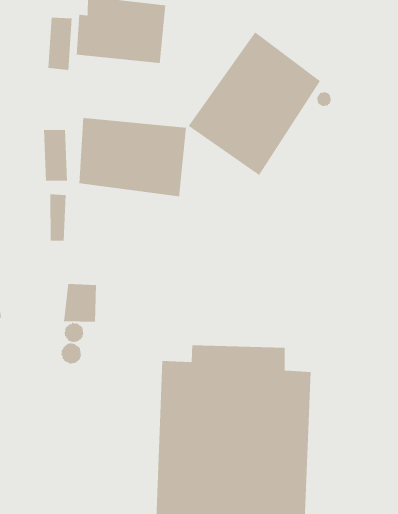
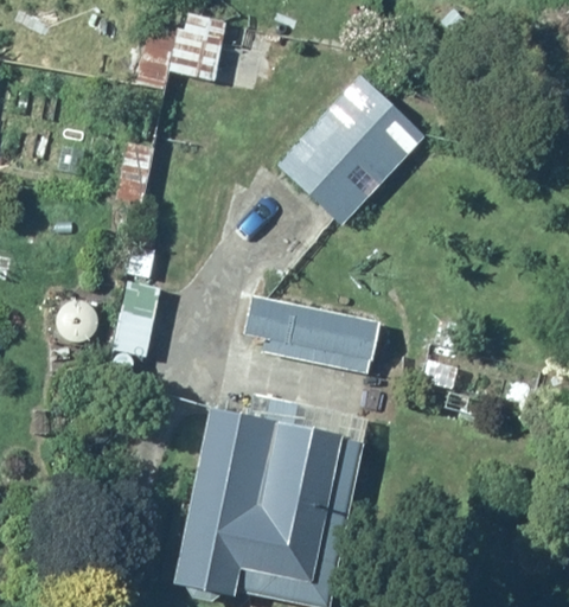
building: [79,117,187,197] -> none
building: none -> [242,295,377,373]

